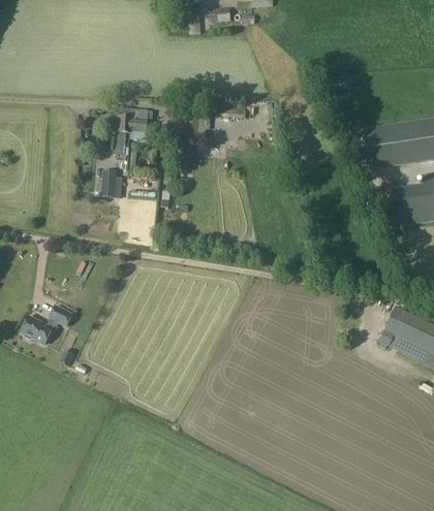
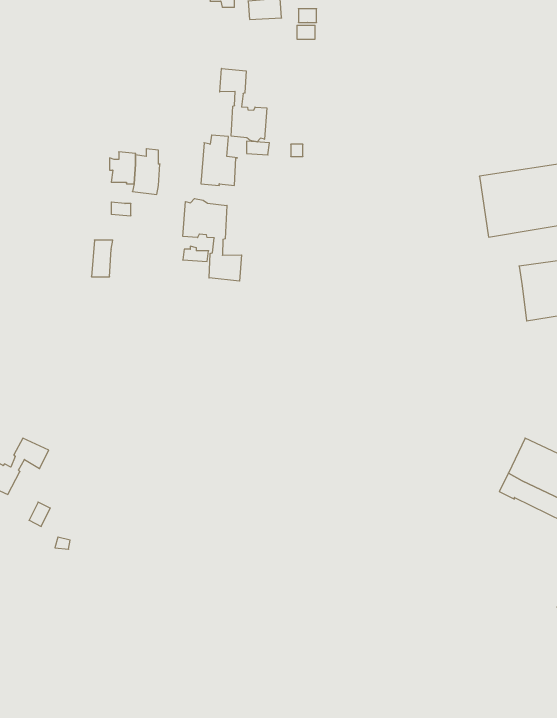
building: none -> [220,68,267,142]
building: none -> [183,199,242,281]

